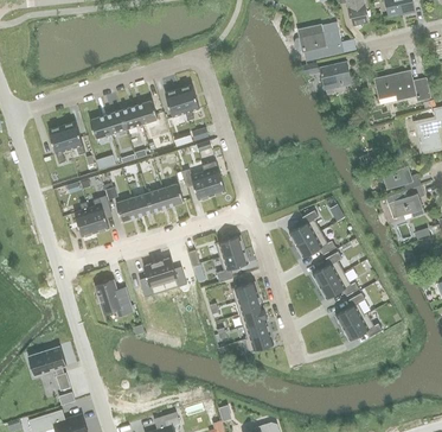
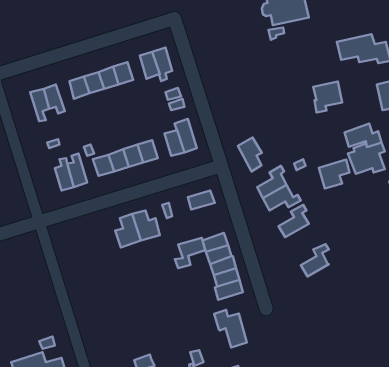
building: [320,62,351,95] -> [313,81,342,113]
building: none -> [238,137,262,172]
building: none -> [319,160,350,189]
building: [216,249,248,281] -> [175,238,205,268]
building: [319,272,359,298] -> none
building: [95,280,133,316] -> none
building: [342,313,382,339] -> none
building: [27,345,70,389] -> none
building: none -> [214,310,247,348]

